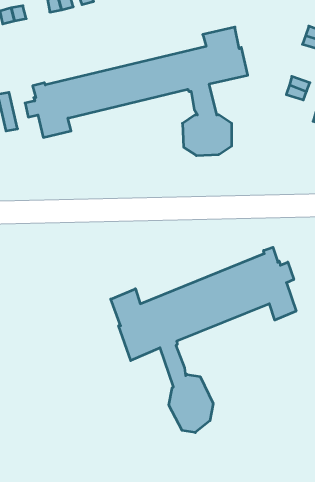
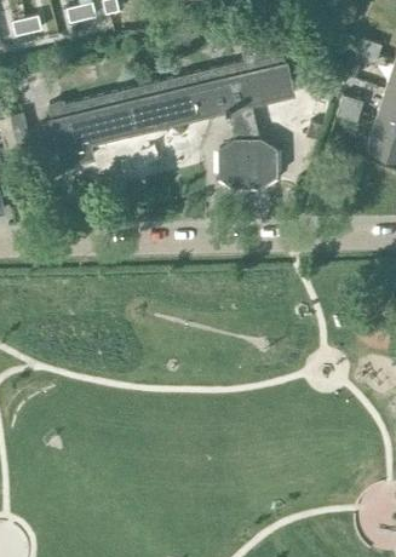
building: [111,247,296,433] -> none

